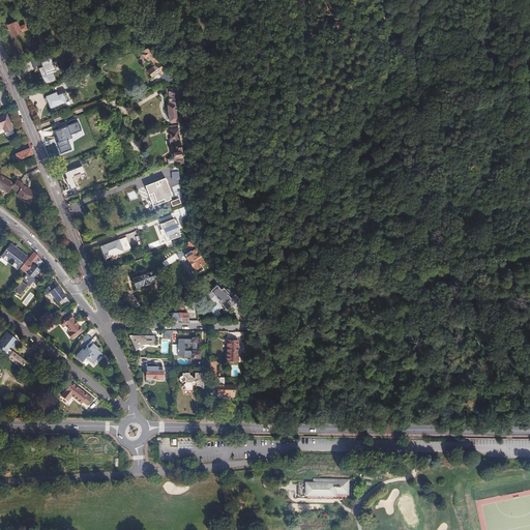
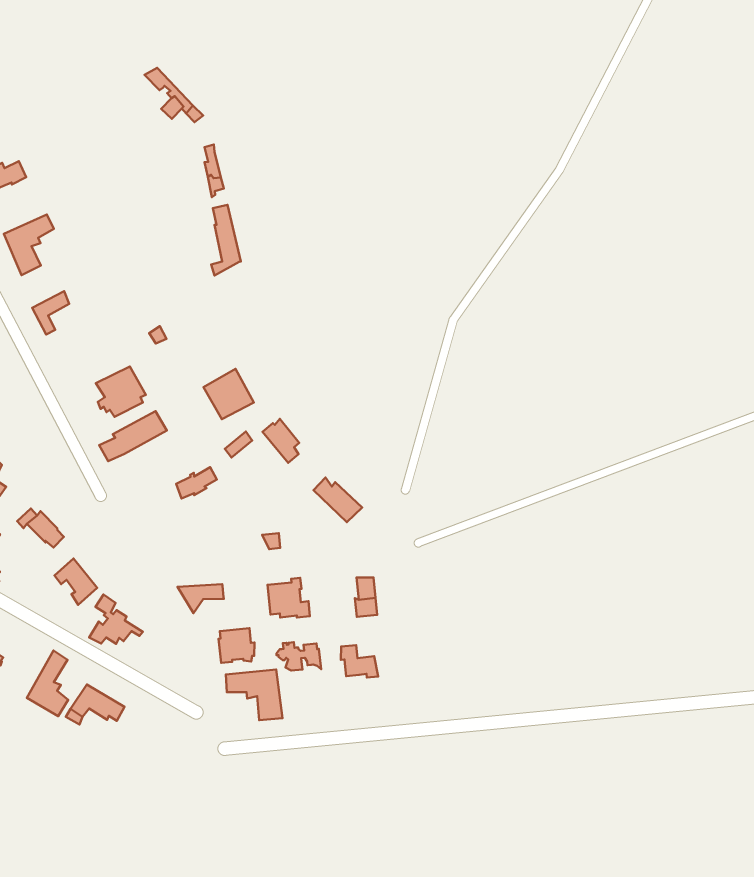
building: [146,177,173,204] -> [96,367,146,417]
building: none -> [27,651,68,716]
building: none -> [226,669,282,720]
building: [298,480,353,499] -> none

